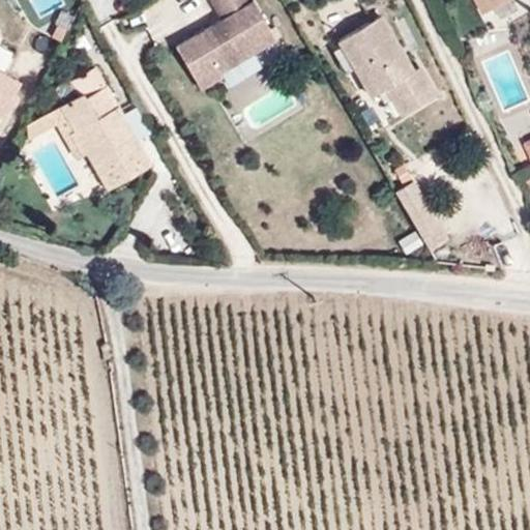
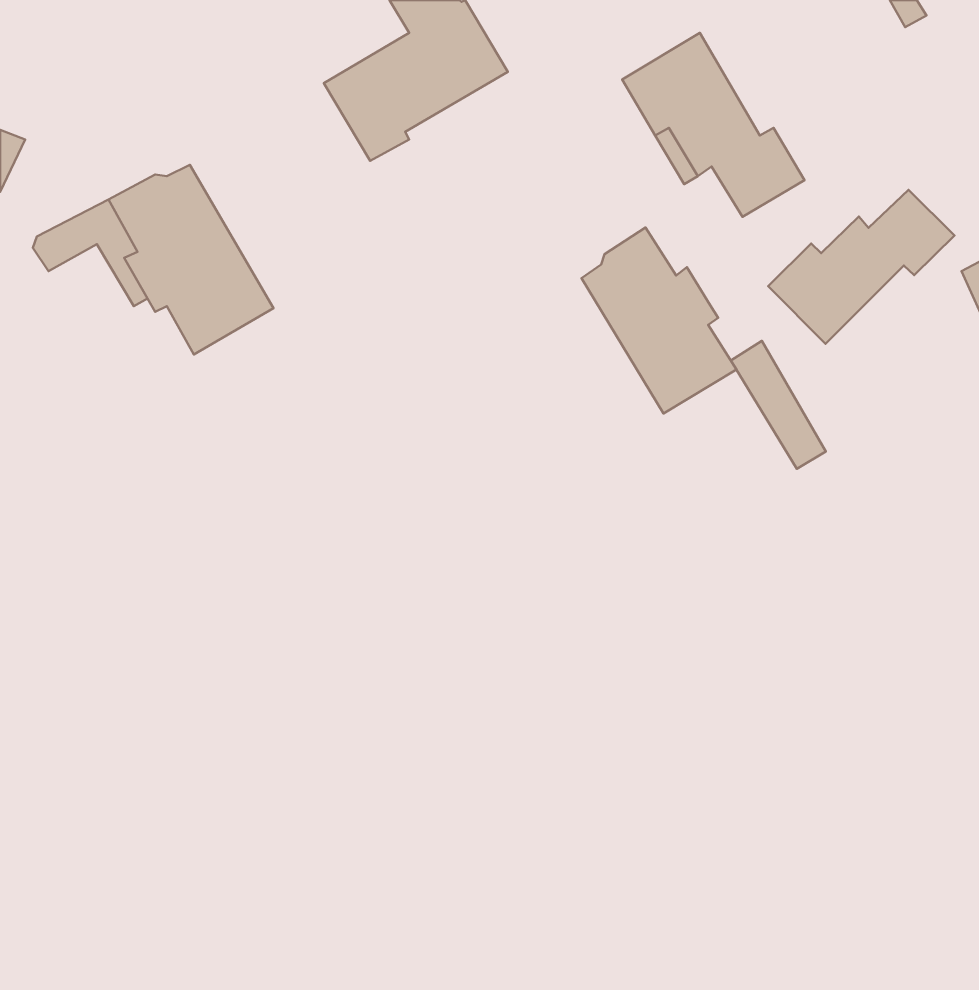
building: none -> [768,190,954,344]
building: none -> [581,227,736,414]

